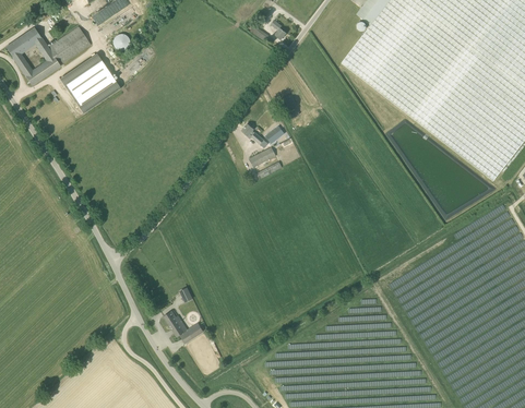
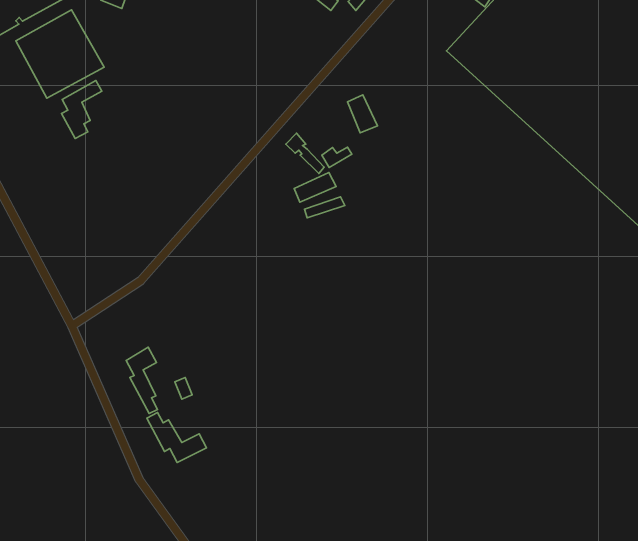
building: none -> [62,80,102,139]
building: none -> [126,347,158,414]

